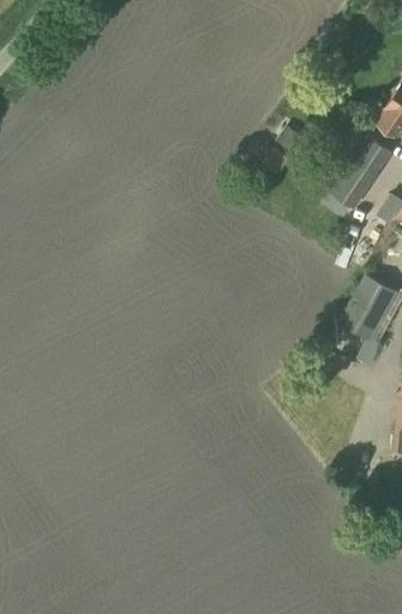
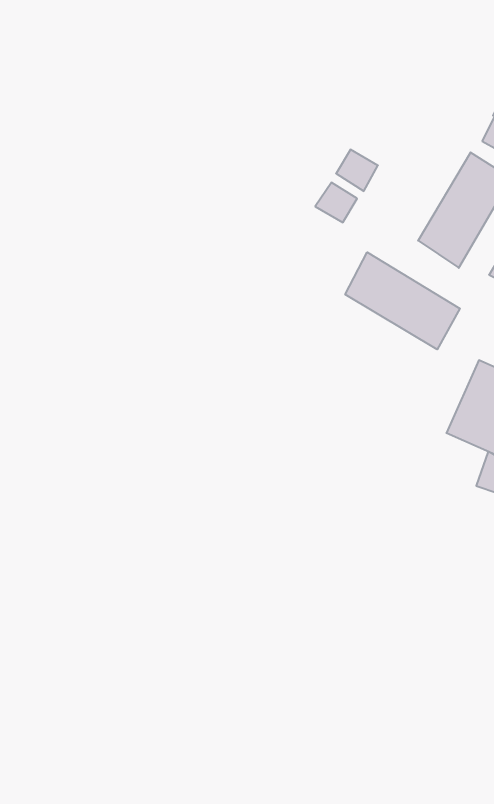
building: none -> [345,252,460,349]

